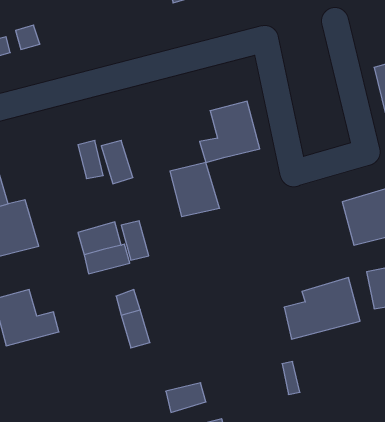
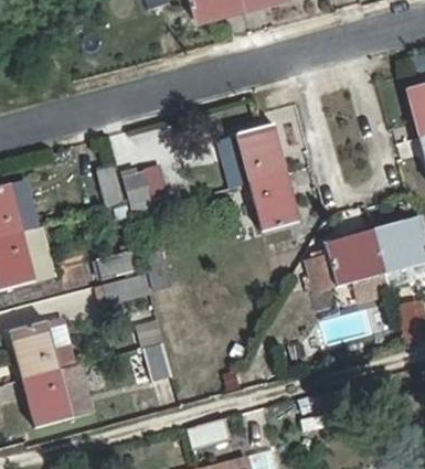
building: [170,163,220,217] -> [249,174,301,231]
building: [284,278,360,339] -> [306,230,385,294]
building: none -> [22,365,91,428]

